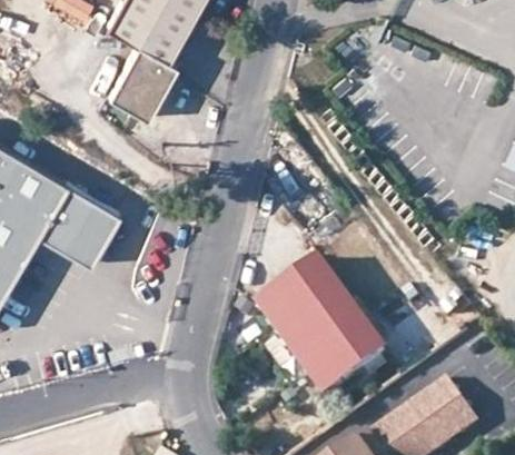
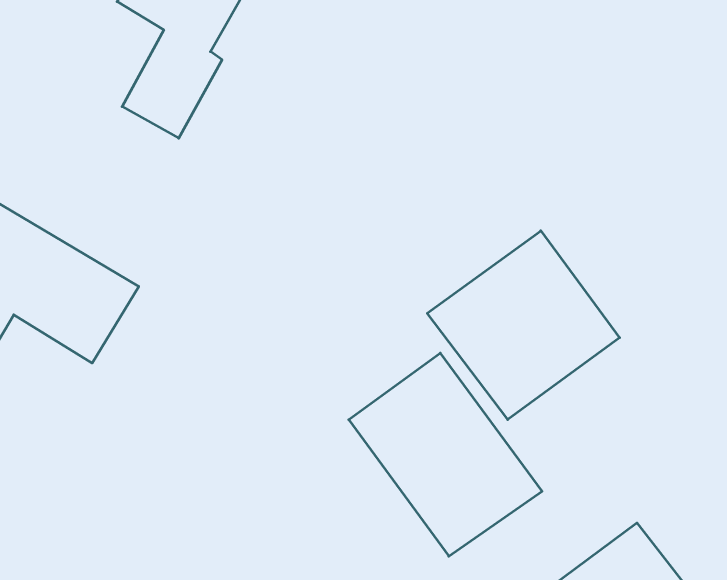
building: none -> [427,231,620,420]

